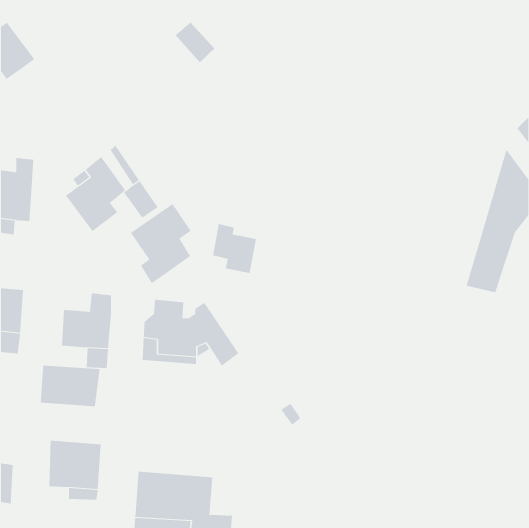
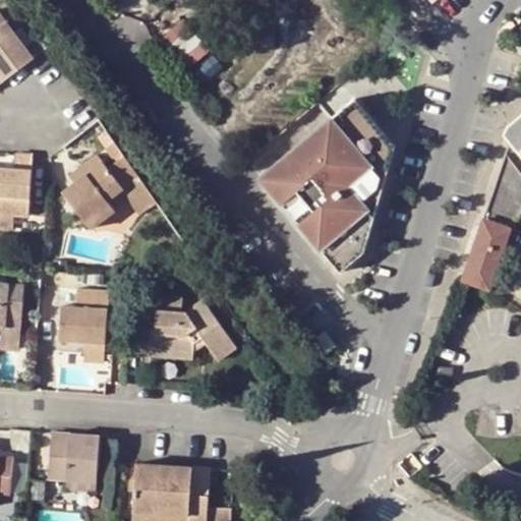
building: none -> [259,84,394,273]
building: [130,203,191,284] -> none
building: [212,223,257,274] -> none
building: [40,365,100,407] -> none

